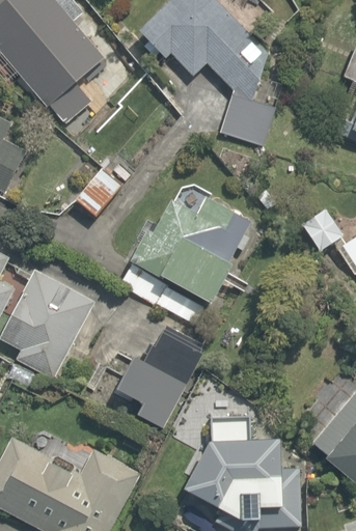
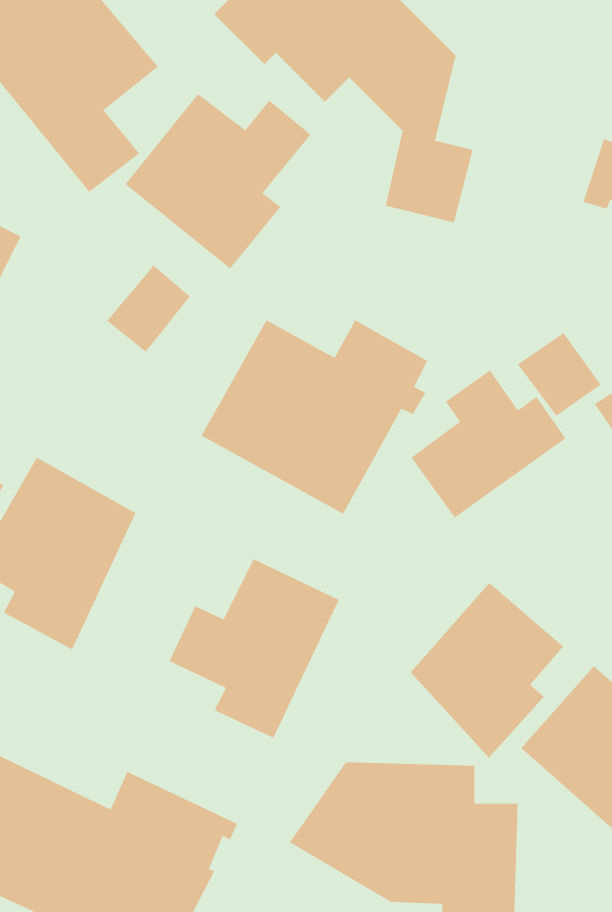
building: none -> [125,93,312,270]
building: none -> [411,370,566,518]
building: none -> [410,582,564,759]

